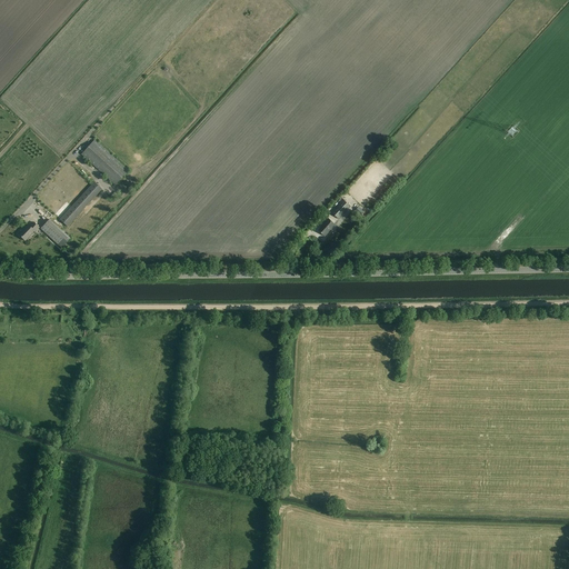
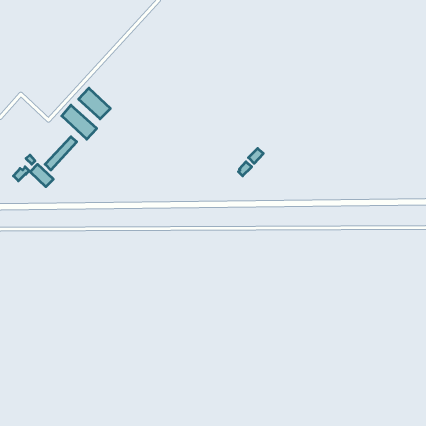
building: none -> [79,88,110,119]

